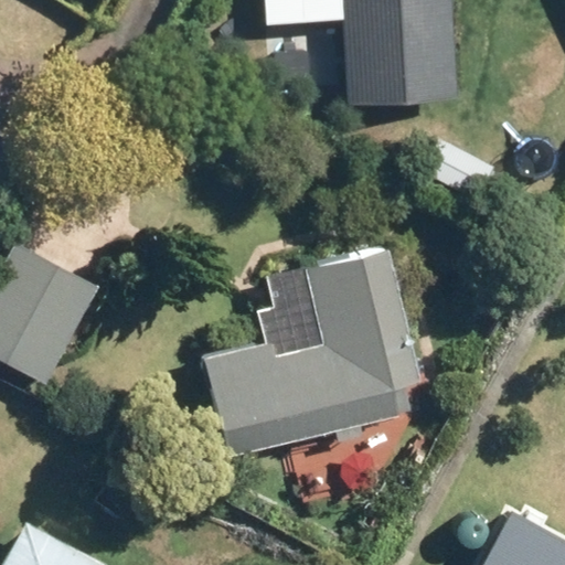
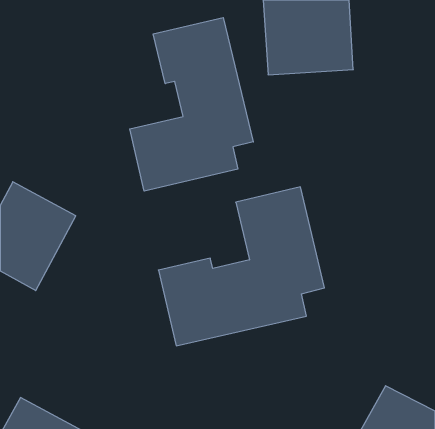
building: none -> [130,18,253,191]

